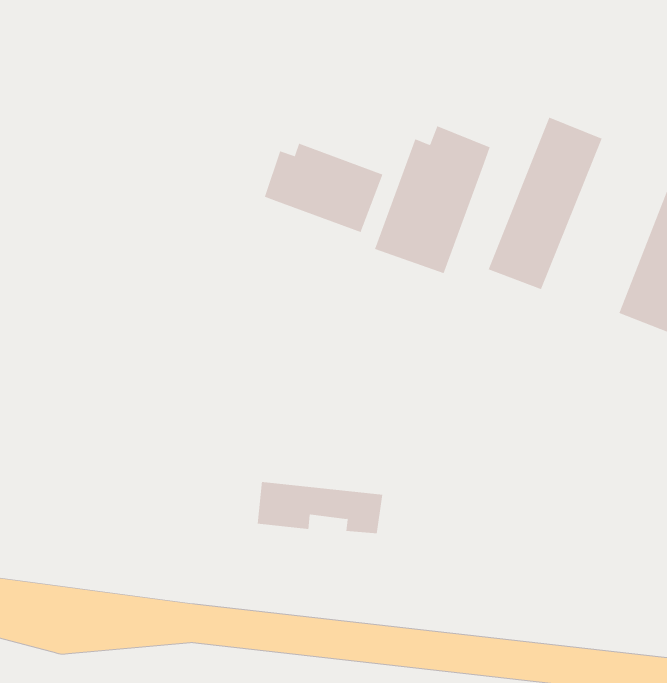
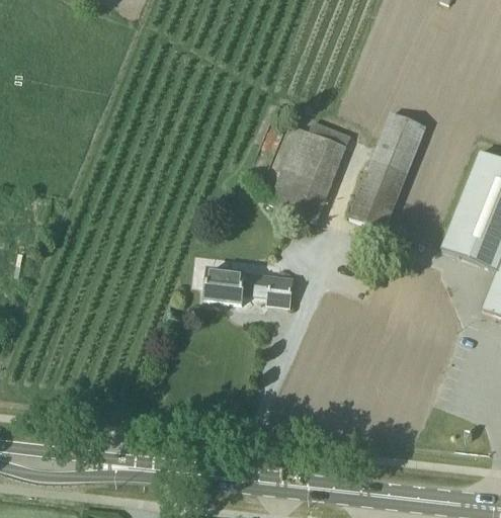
building: [264,143,383,233] -> none
building: [257,482,383,534] -> [204,268,293,305]

